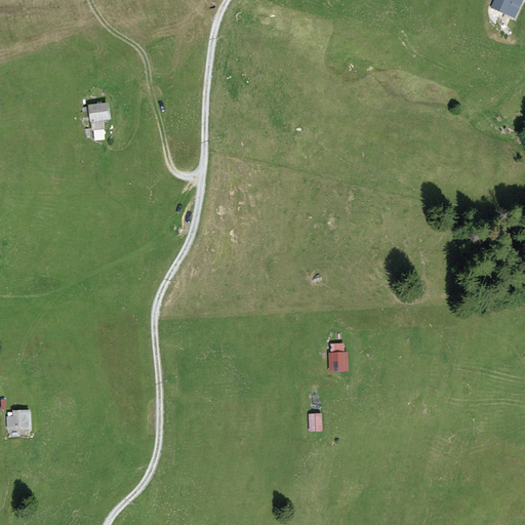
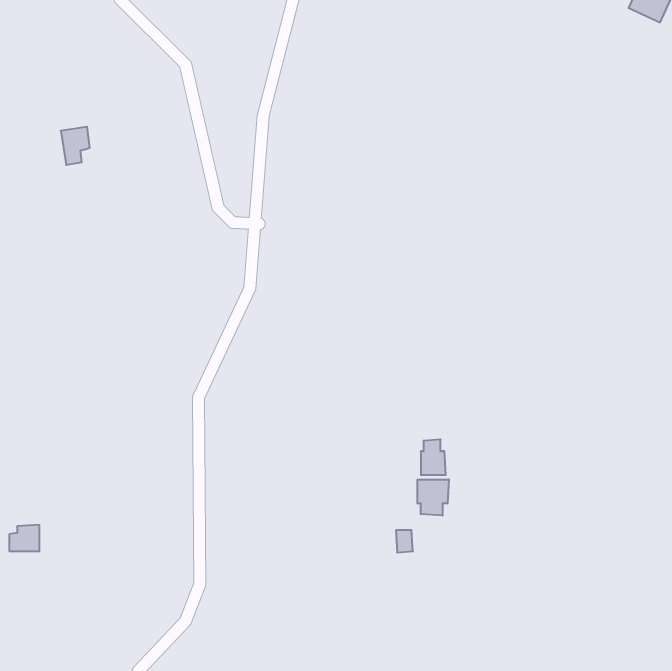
building: [88,102,111,131] -> [61,127,90,165]
building: none -> [418,479,449,516]

